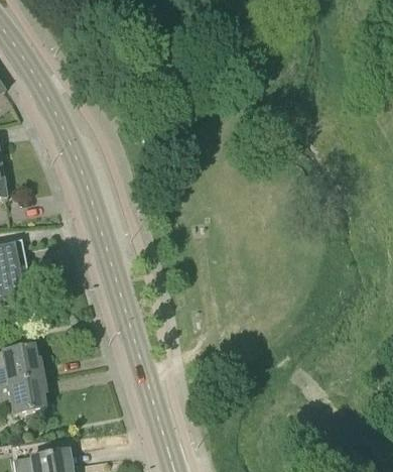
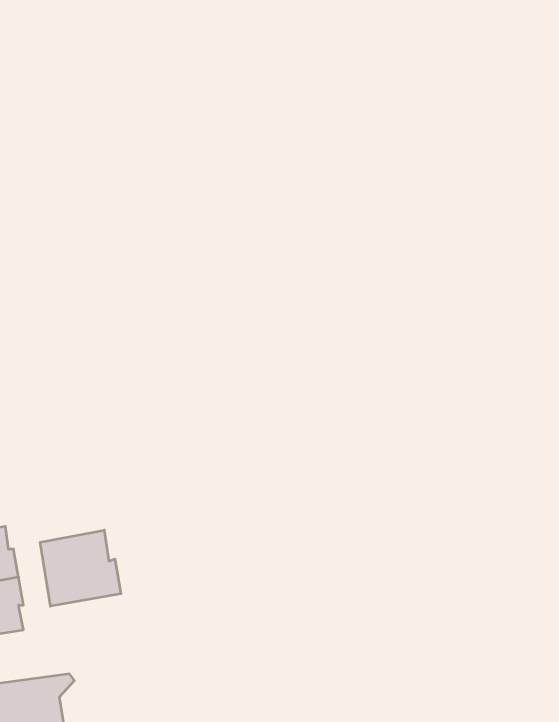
building: none -> [40,530,121,606]

